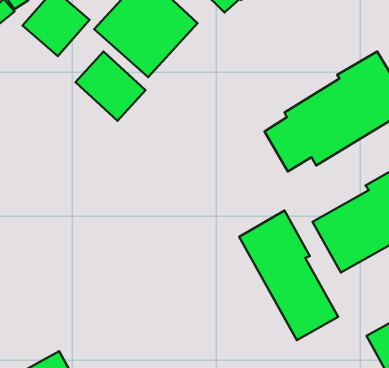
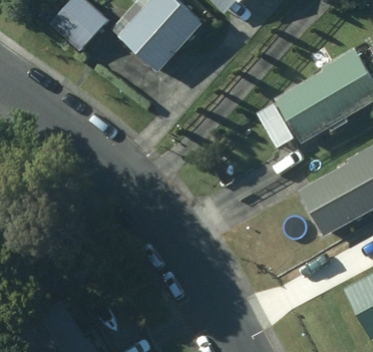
building: [76,52,146,121] -> none
building: [239,210,338,340] -> none

